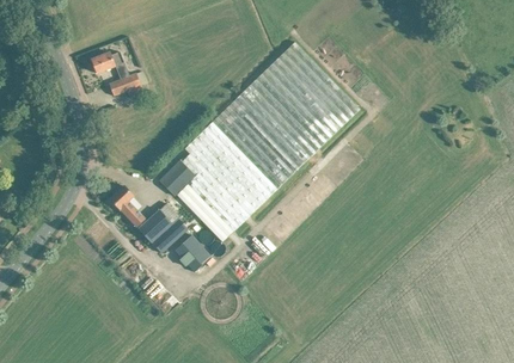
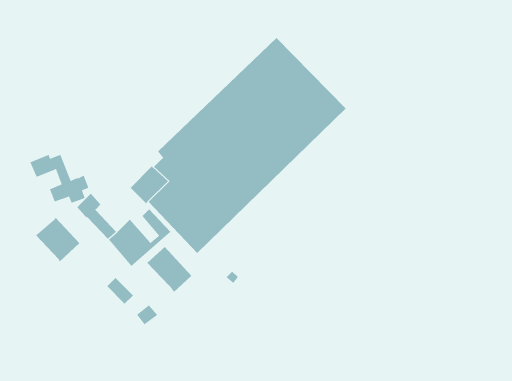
building: [91,51,146,97] -> [30,154,89,204]
building: none -> [35,217,80,262]

